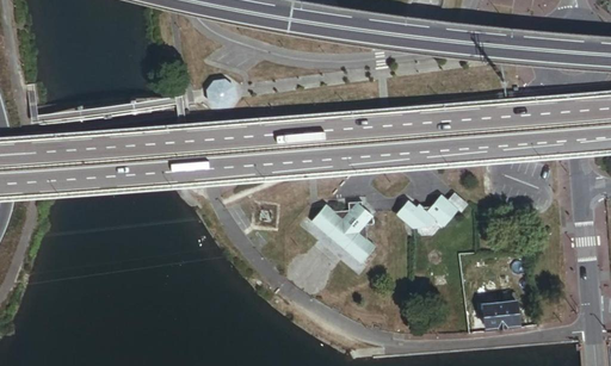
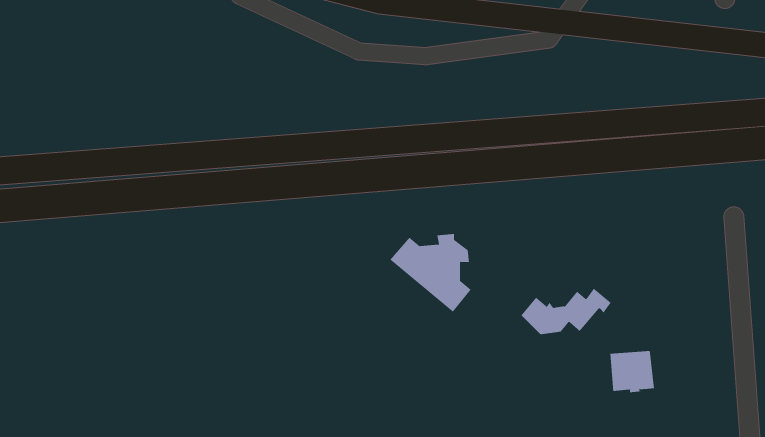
building: [396,193,468,230] -> [521,288,612,335]

